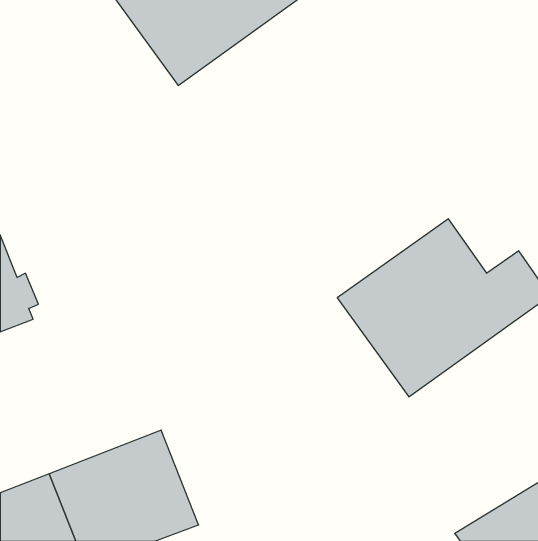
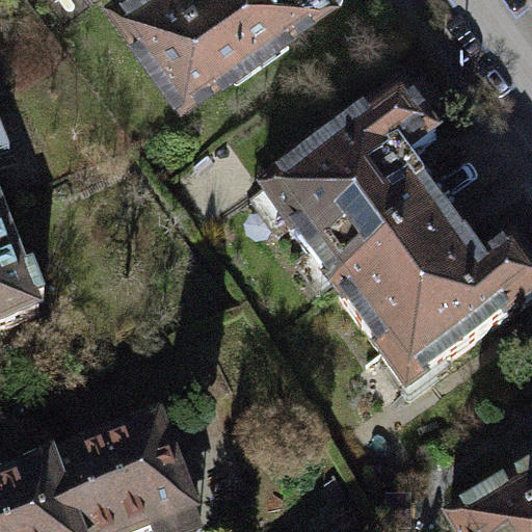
building: none -> [263,89,444,290]

